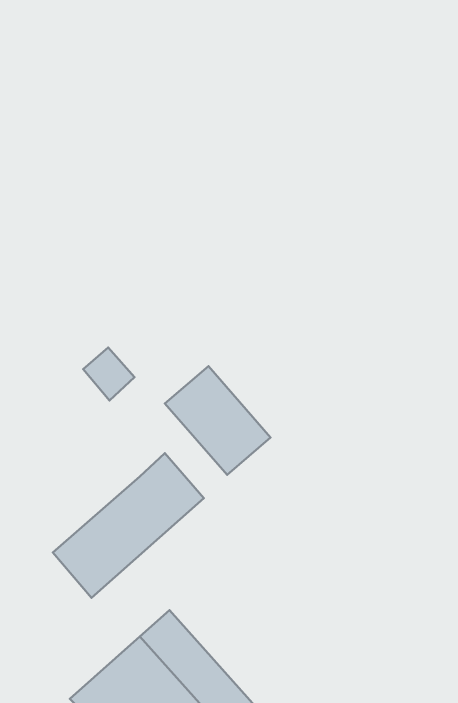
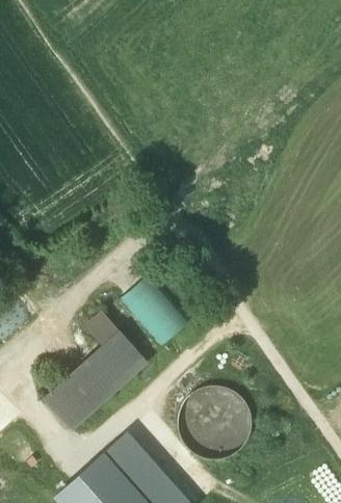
building: [83,348,134,400] -> [86,311,121,346]
building: none -> [179,387,252,456]

